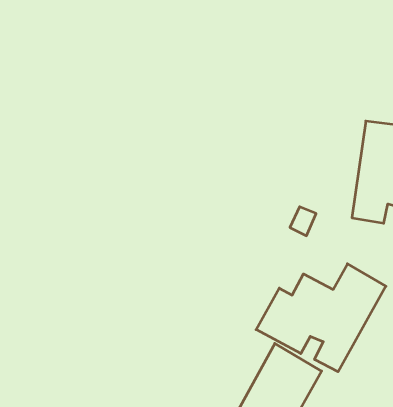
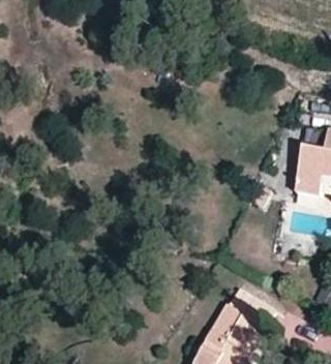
building: [256,264,386,372] -> none

